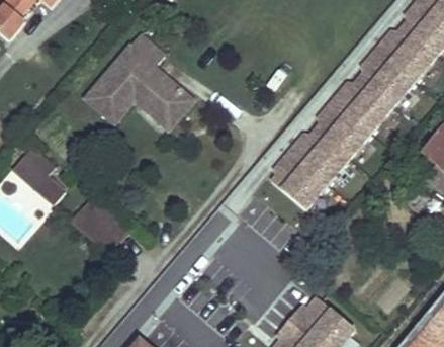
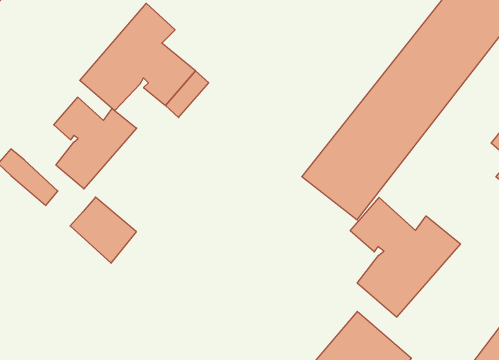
building: none -> [54,97,137,189]
building: none -> [350,197,460,317]

